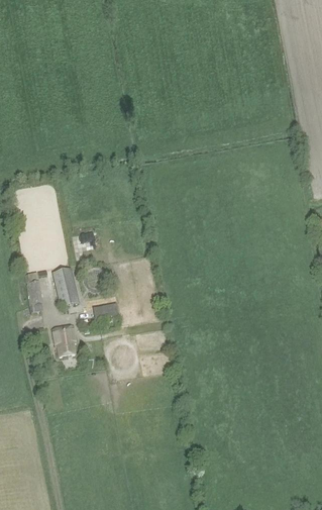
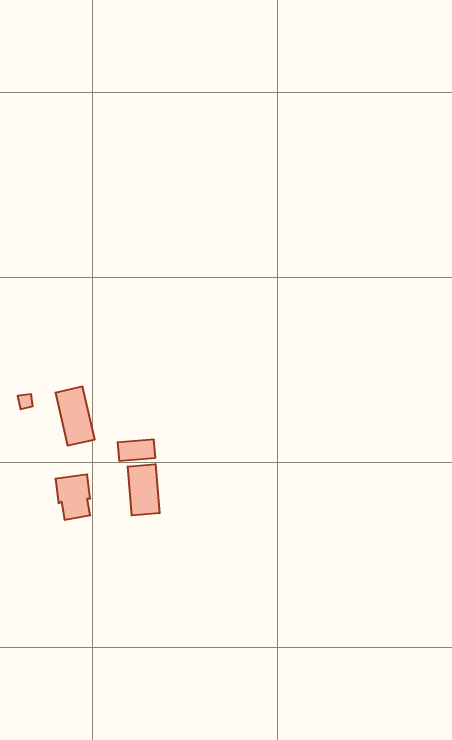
building: none -> [128,464,160,516]

